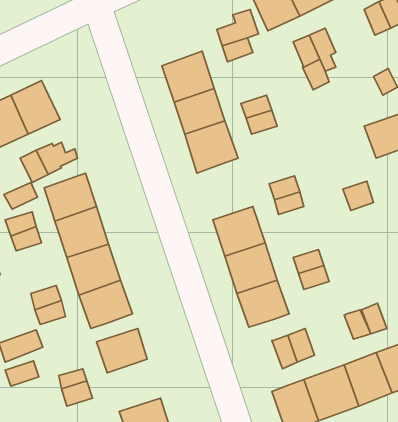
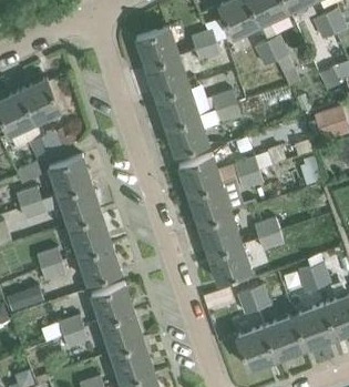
building: none -> [135,28,178,68]
building: none -> [178,156,220,195]
building: none -> [100,310,144,354]

